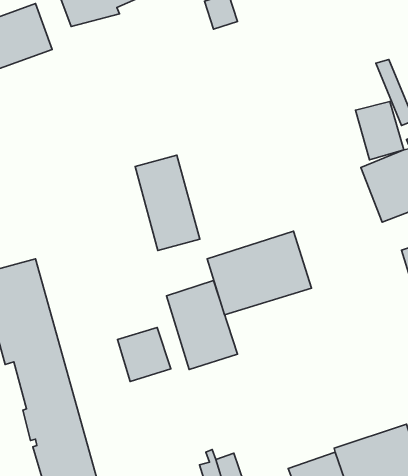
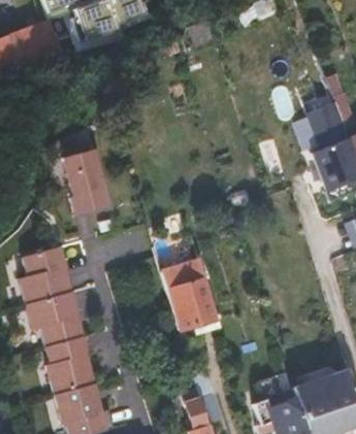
building: [135,155,200,250] -> [52,130,104,207]
building: [207,231,311,315] -> none
building: [117,328,171,382] -> none

